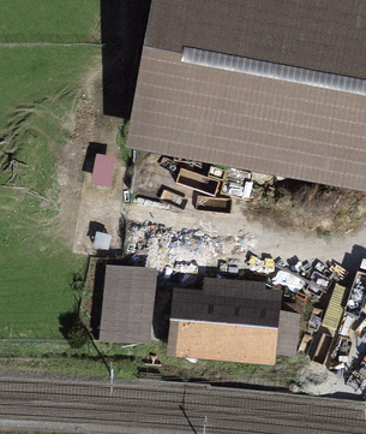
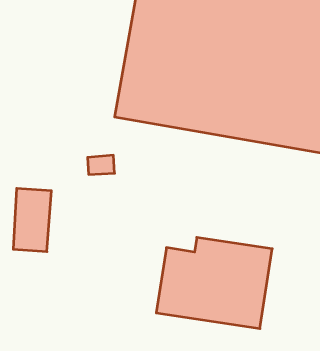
building: [108,263,149,331] -> [13,188,51,252]

